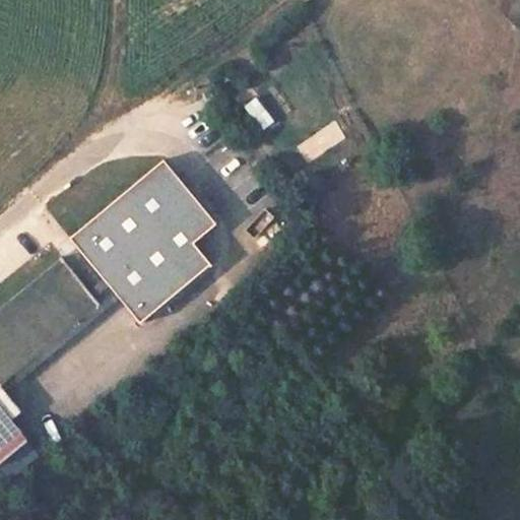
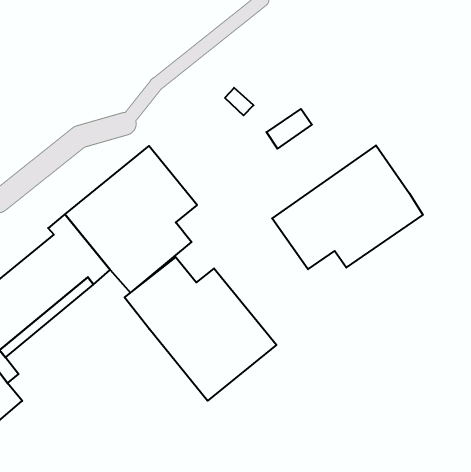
building: none -> [272,145,423,269]
building: none -> [125,257,276,401]

